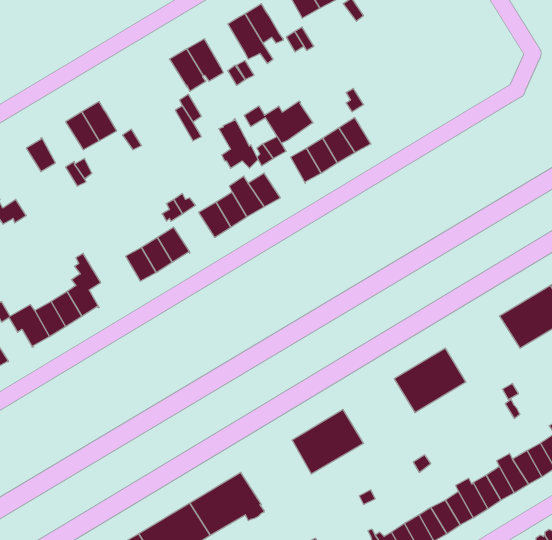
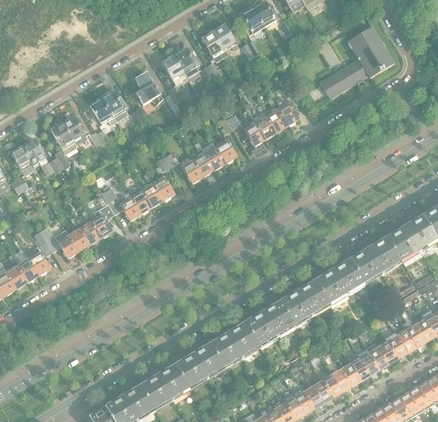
building: none -> [319,26,394,98]
building: [244,101,313,143] -> none
building: [219,119,258,168] -> [135,70,162,104]
building: none -> [51,121,76,168]
building: none -> [102,188,141,221]
building: none -> [350,237,401,282]
building: none -> [280,280,329,324]
building: none -> [210,322,258,366]

